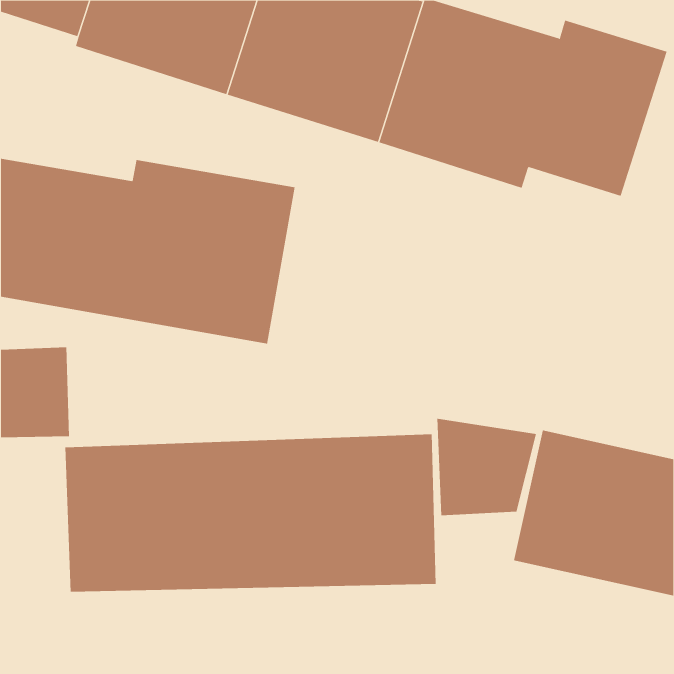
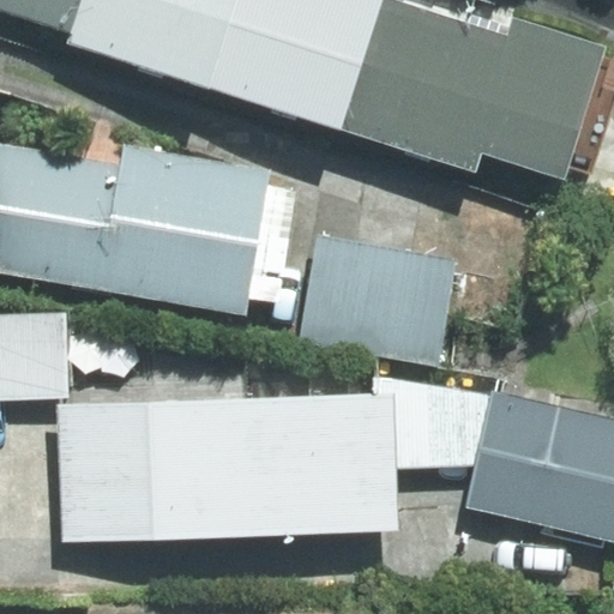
building: none -> [303,236,457,365]

